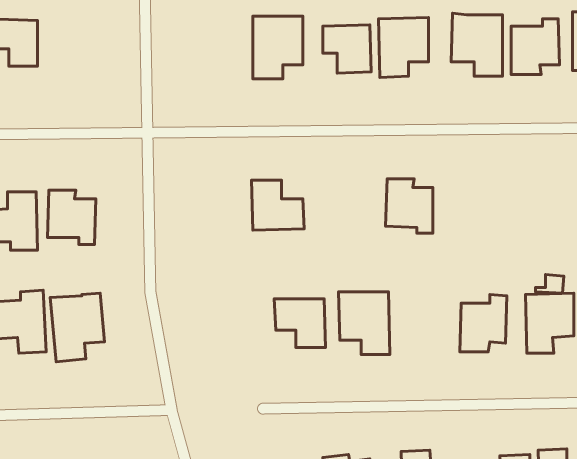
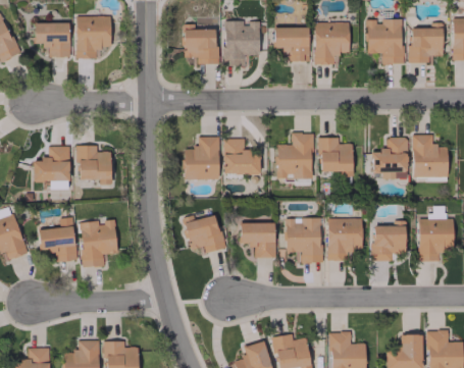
building: none -> [75,15,111,58]
building: none -> [183,23,217,63]
building: none -> [276,132,312,178]
building: none -> [412,135,448,176]
building: none -> [184,137,219,178]
building: none -> [372,137,408,178]
building: none -> [184,214,224,253]
building: none -> [326,216,362,261]

